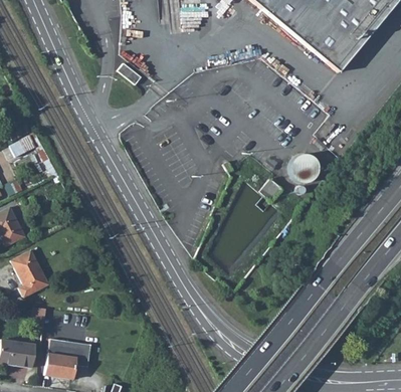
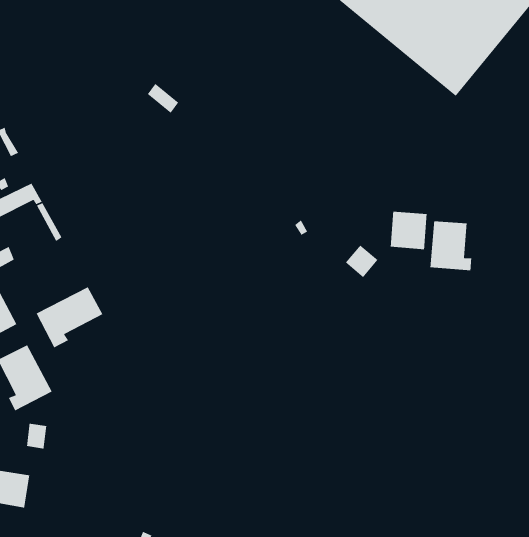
building: none -> [430,221,472,271]
building: none -> [35,286,104,349]
building: [46,338,92,378] -> none

